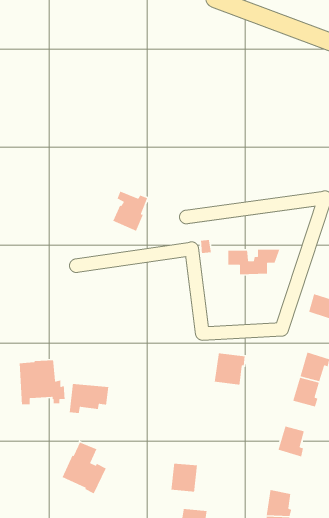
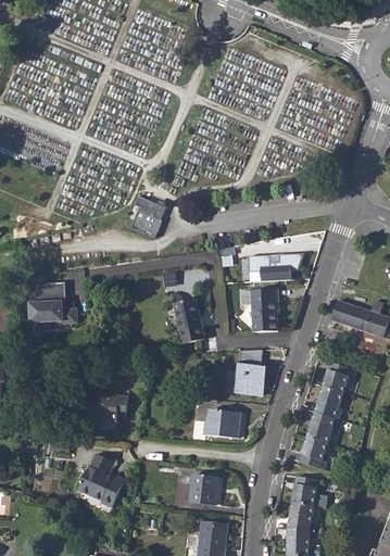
building: none -> [250,290,277,332]
building: none -> [172,298,203,343]
building: [19,360,65,405] -> [28,281,76,328]
building: none -> [203,409,239,438]
building: none -> [306,412,338,442]
building: none -> [291,477,322,506]

